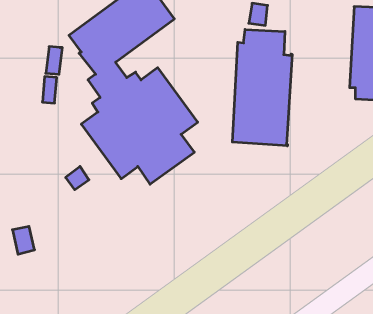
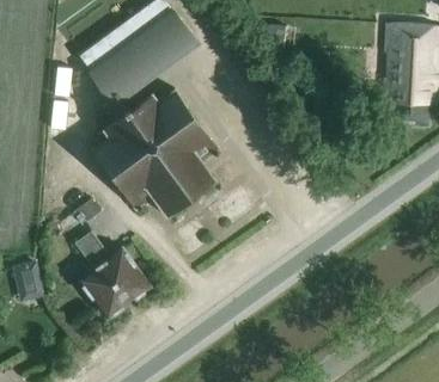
building: [232,29,292,146] -> none
building: none -> [75,232,150,318]

